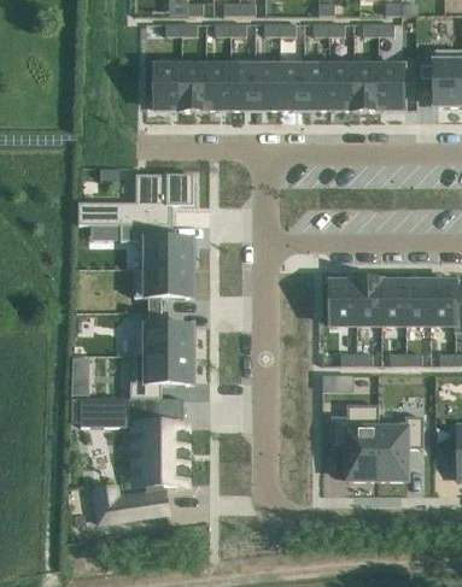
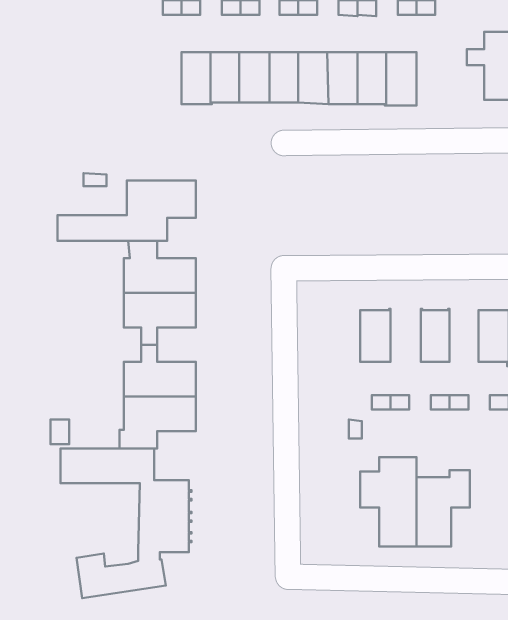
building: [378,65,403,111] -> none
building: [154,66,181,110] -> none
building: [356,281,381,325] -> none
building: [405,281,429,325] -> none

